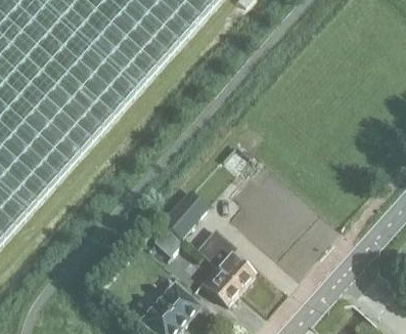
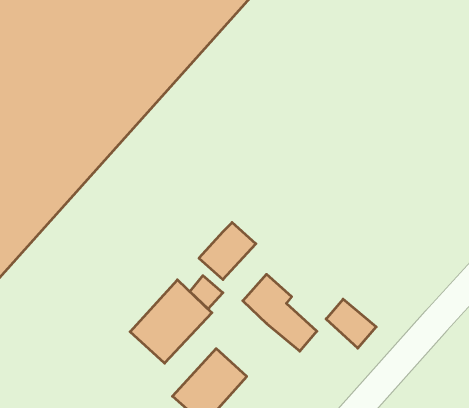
building: none -> [130,280,212,363]
building: [202,266,241,304] -> [326,299,376,348]

